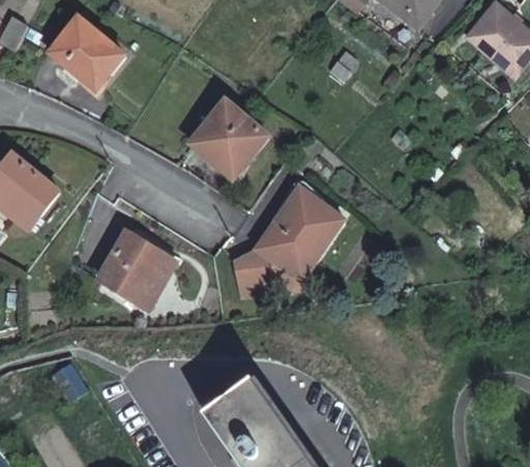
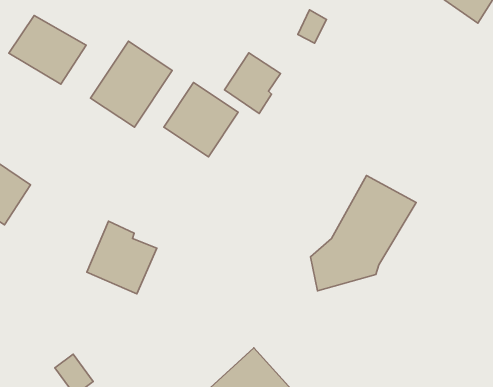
building: none -> [91,41,172,127]
building: none -> [224,53,281,114]
building: [232,189,342,297] -> [311,175,416,291]

